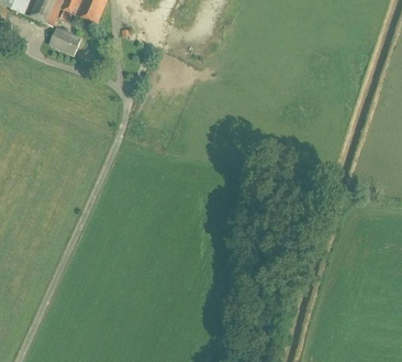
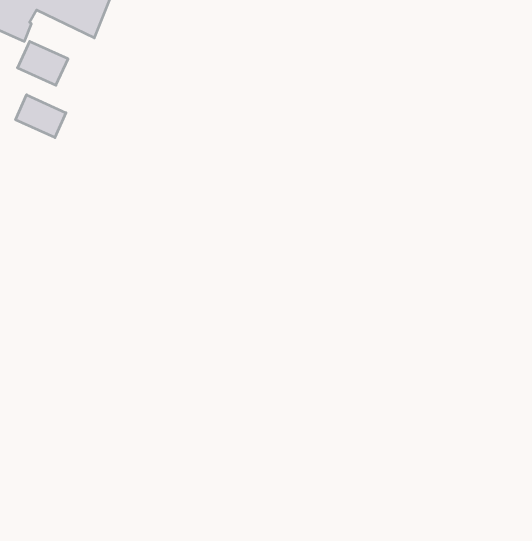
building: none -> [16,95,66,138]

